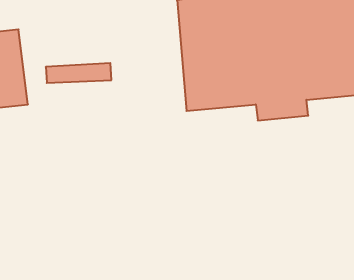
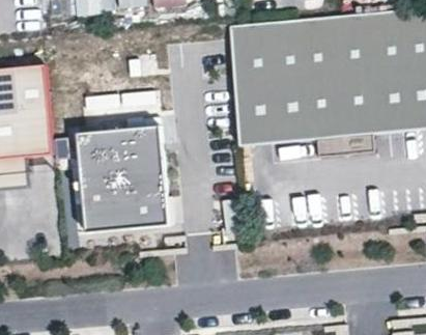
building: none -> [76,128,169,235]

